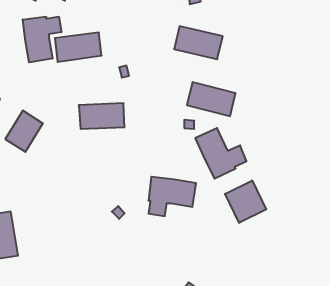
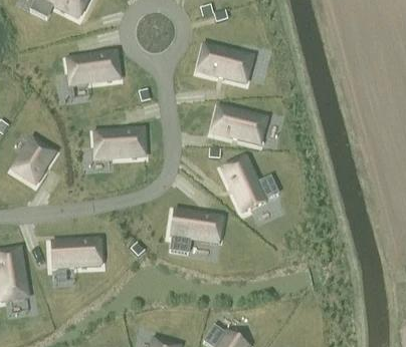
building: [23,17,61,62] -> none
building: [225,180,266,223] -> none
building: none -> [50,239,100,268]

